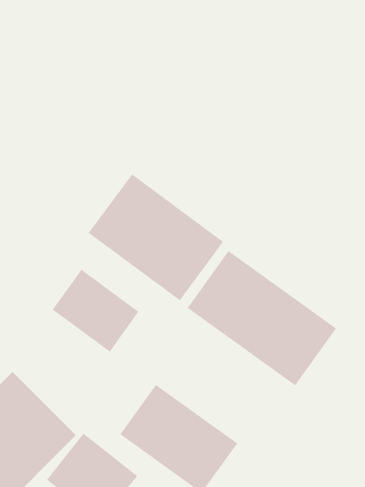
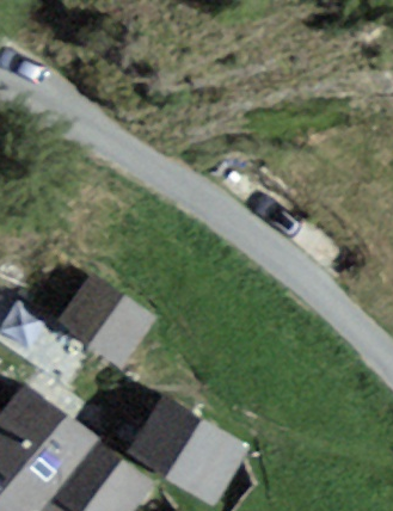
building: [88,173,224,301] -> none
building: [187,250,337,386] -> none

